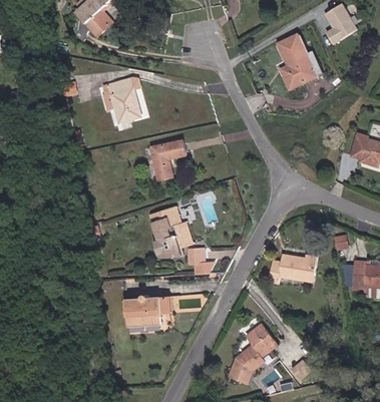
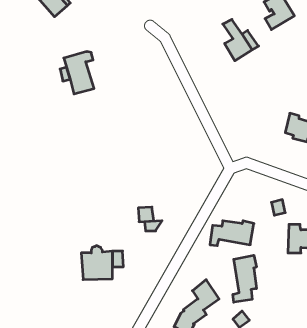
building: [149,136,182,175] -> none
building: [152,200,193,250] -> none
building: none -> [233,255,256,302]

